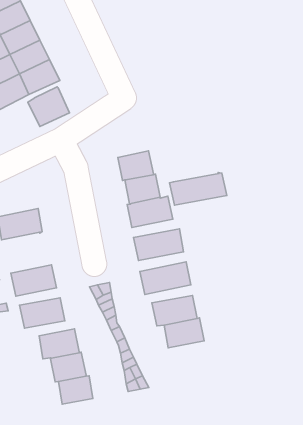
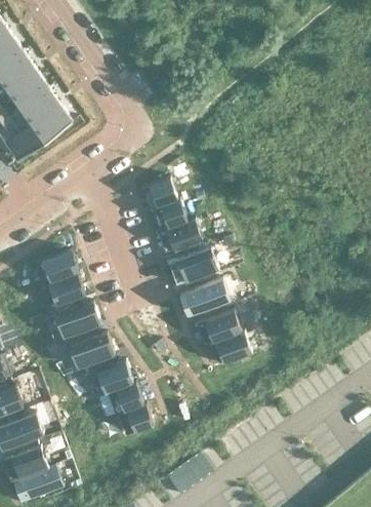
building: [28,87,69,126] -> none
building: [169,173,227,205] -> none
building: none -> [45,272,86,307]

